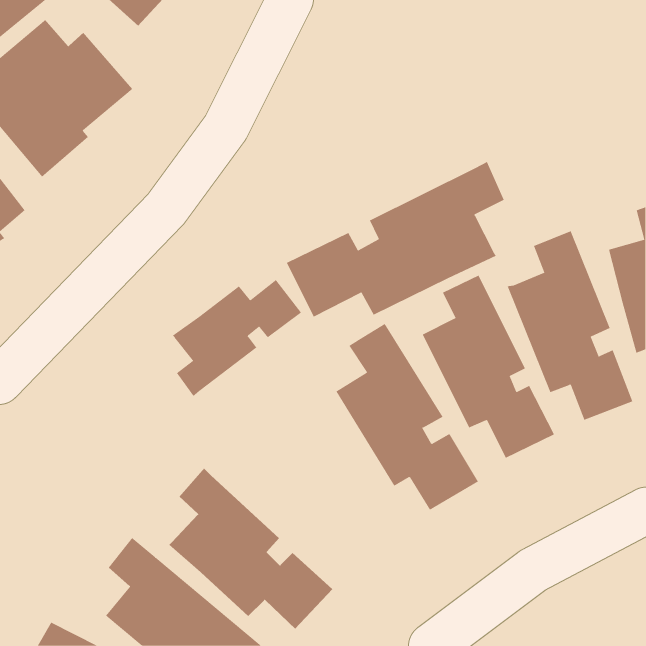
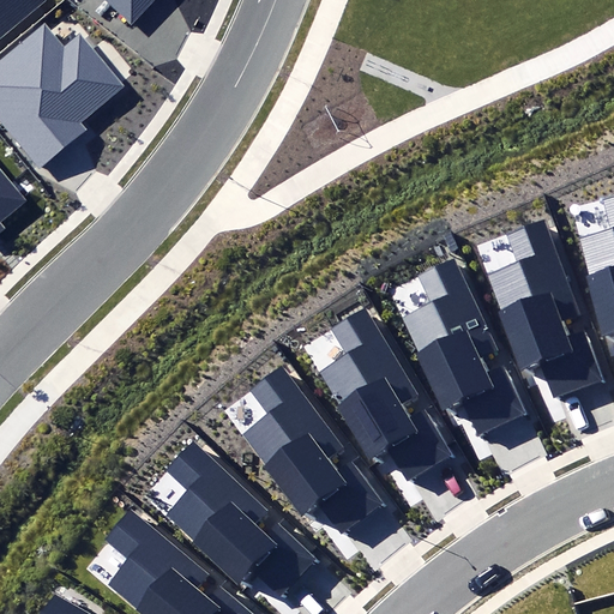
building: [286,161,505,317] -> none
building: [172,279,302,397] -> none
building: none -> [241,366,384,534]

